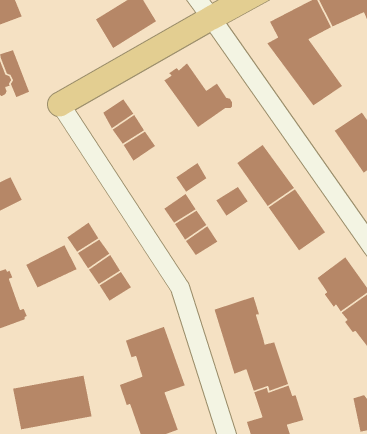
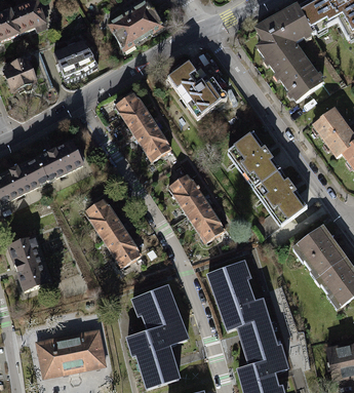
building: none -> [53,39,101,81]
building: [175,162,208,193] -> [141,133,168,160]
building: [215,186,249,217] -> [194,215,223,242]
building: [25,244,78,289] -> [36,142,81,180]

